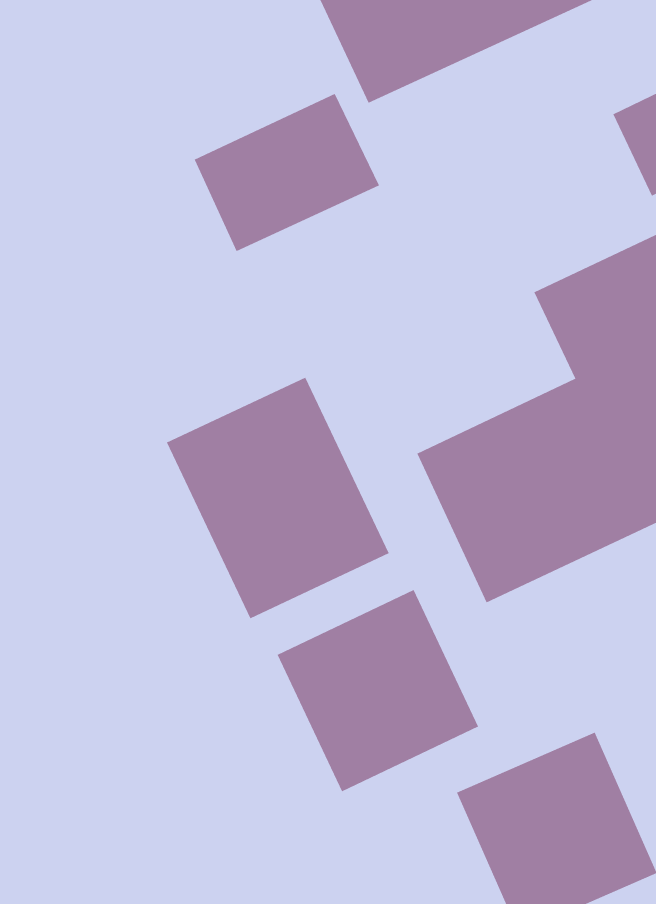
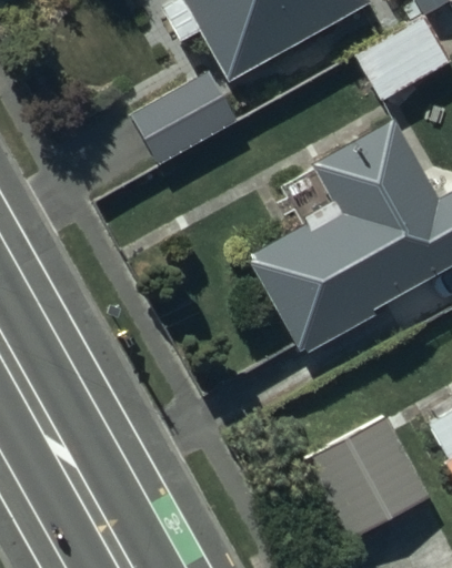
building: [166,377,389,619] -> none
building: [277,589,479,792] -> none

